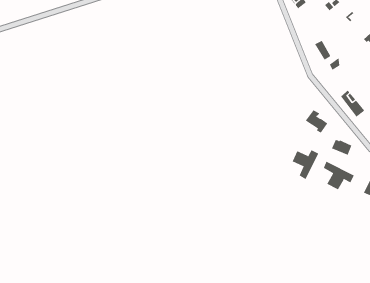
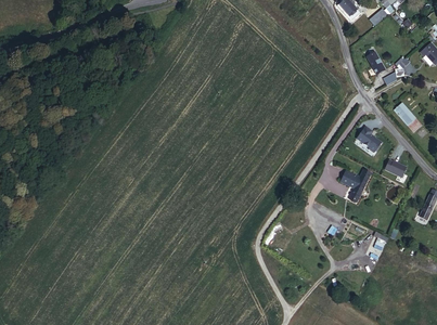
building: [323,161,355,190] -> none

